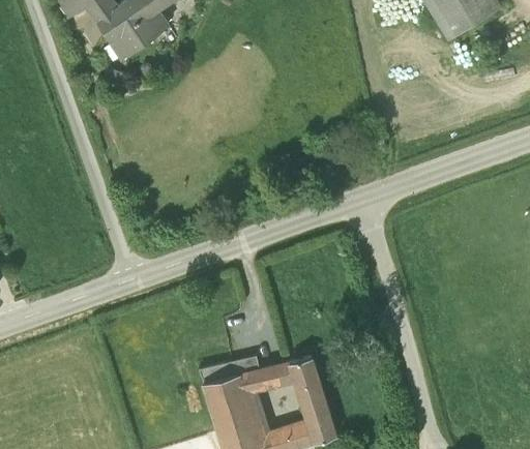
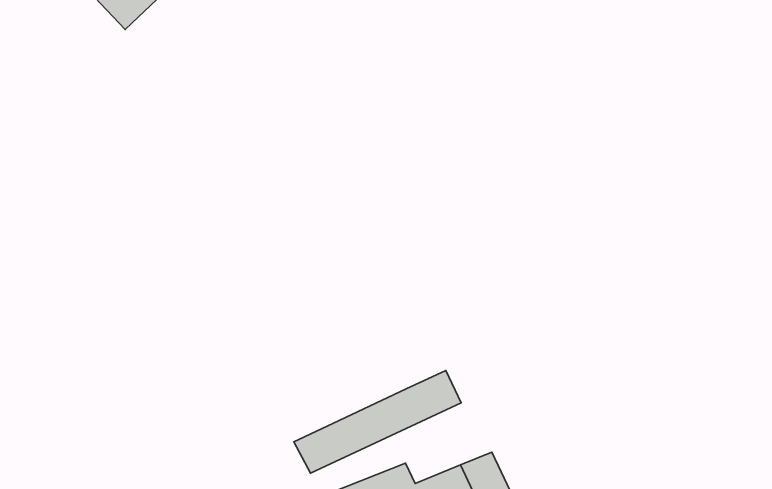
building: none -> [294,370,461,473]

